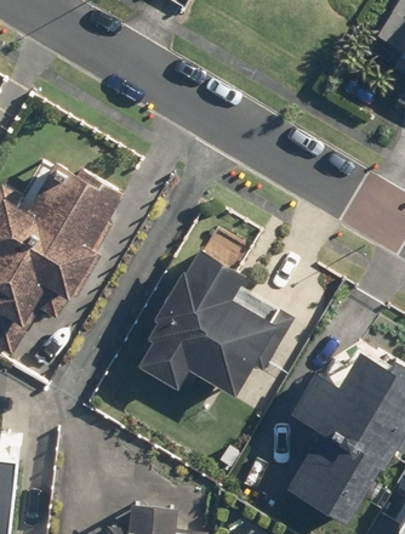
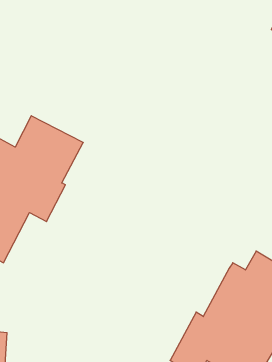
building: [141,250,283,396] -> none

